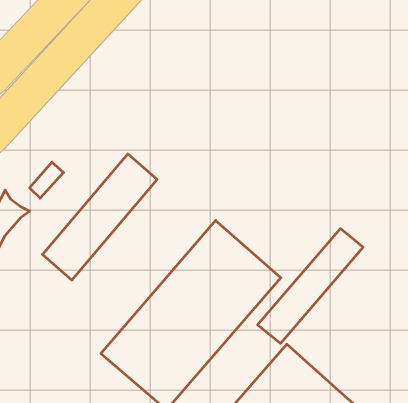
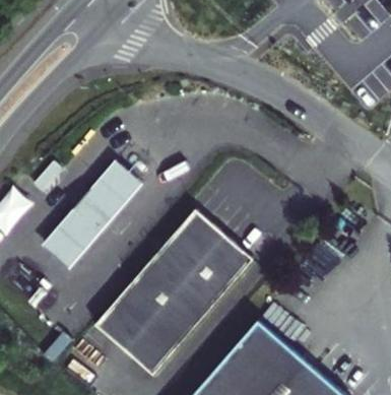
building: [258,229,363,343] -> none

